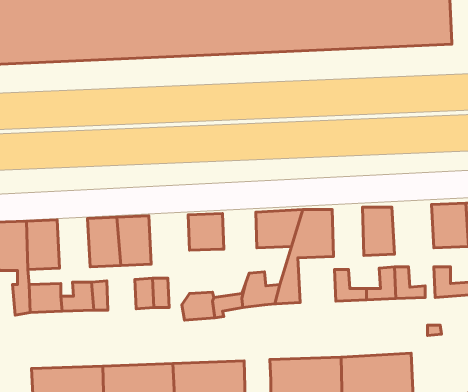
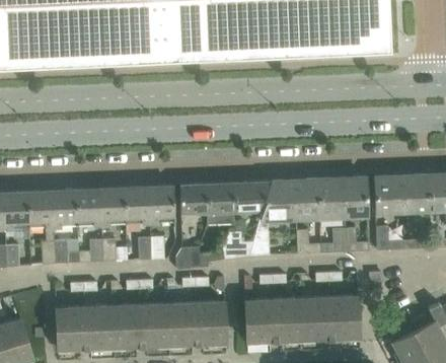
building: none -> [342,177,367,216]
building: none -> [294,178,319,218]
building: none -> [206,183,234,225]
building: none -> [148,185,174,224]
building: none -> [75,188,101,227]

